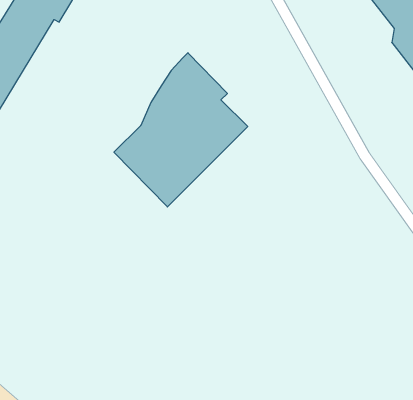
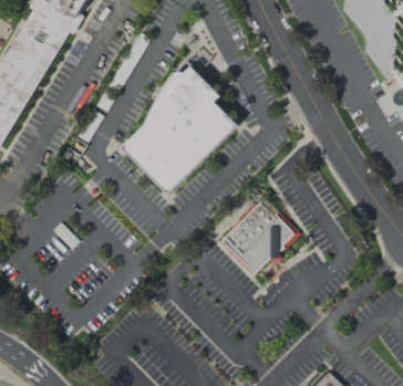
building: none -> [220,200,294,273]

